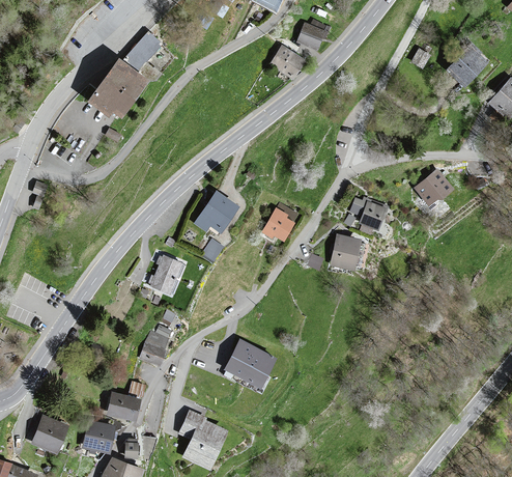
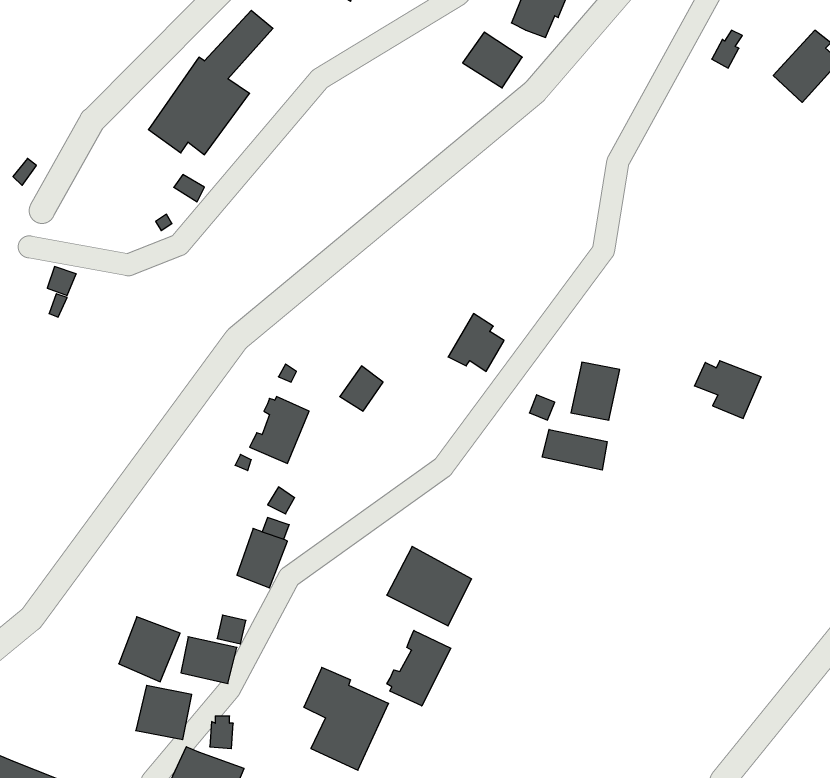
building: [416,170,453,203] -> none
building: [194,192,236,230] -> none
building: [349,197,388,230] -> [694,361,761,418]
building: none -> [542,429,607,470]
building: none -> [387,630,451,706]
building: [32,416,67,453] -> [119,617,180,682]

